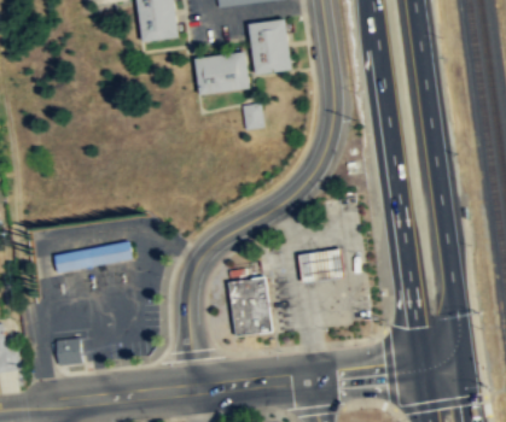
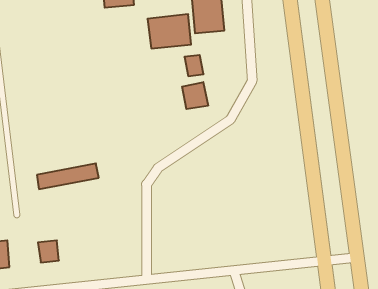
building: none -> [182,82,208,109]
building: [302,248,344,282] -> none
building: [227,276,273,335] -> none

